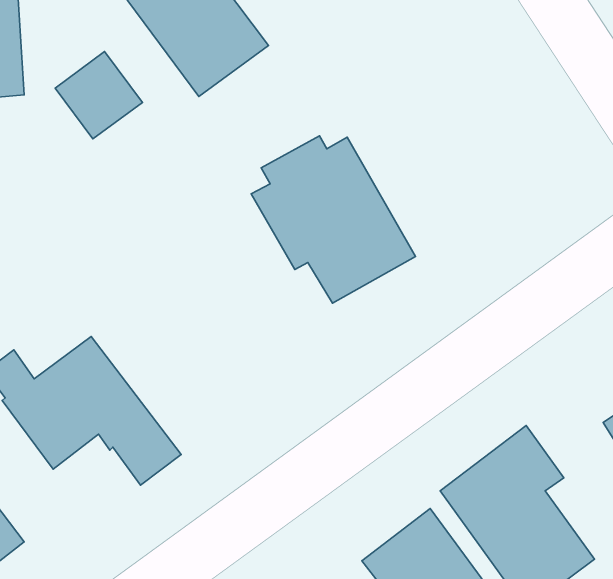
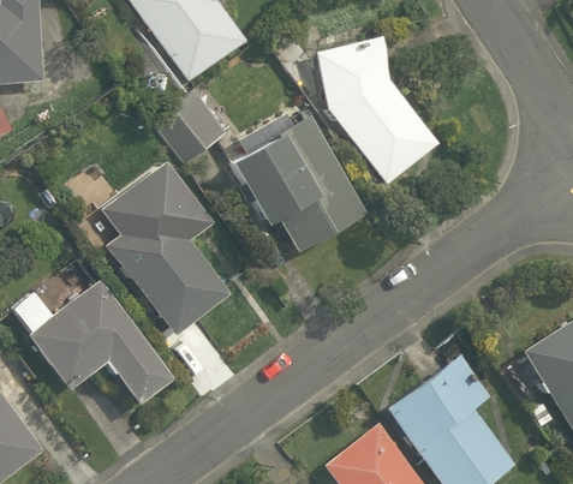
building: none -> [316,34,440,185]
building: [55,52,142,139] -> [154,91,226,163]
building: none -> [107,184,231,335]

